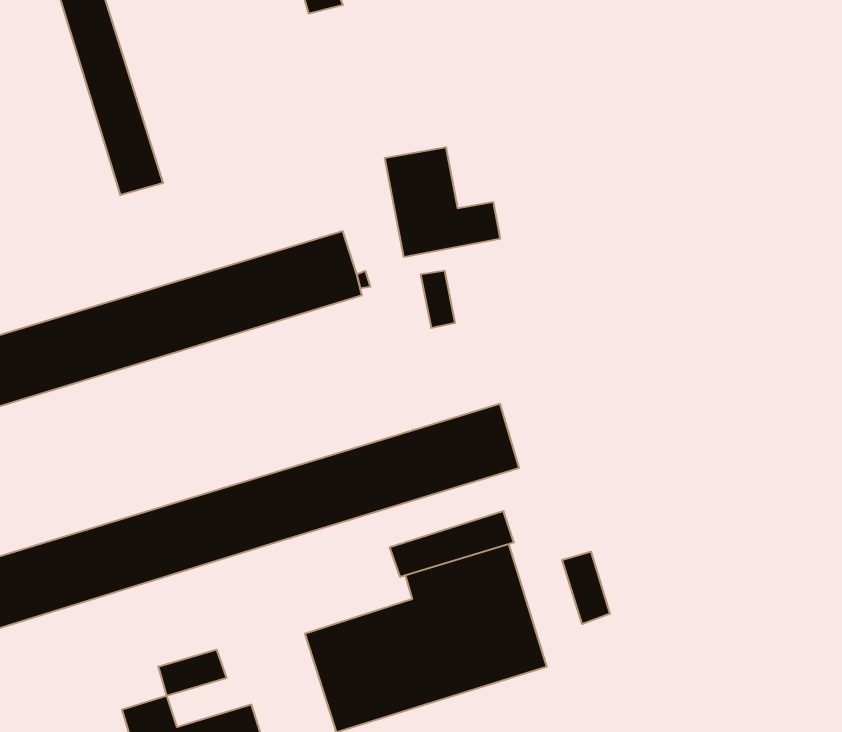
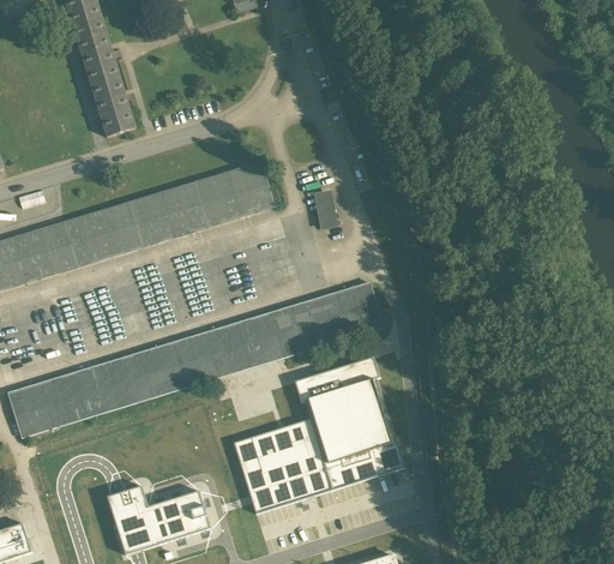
building: [385,147,500,257] -> none
building: [562,552,610,624] -> none
building: [158,650,226,696] -> none

